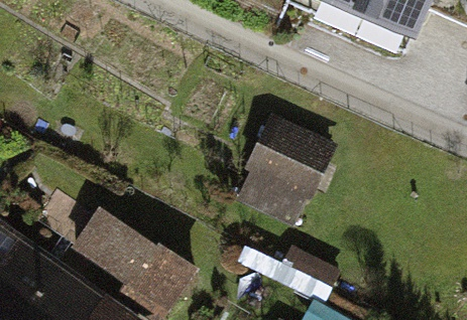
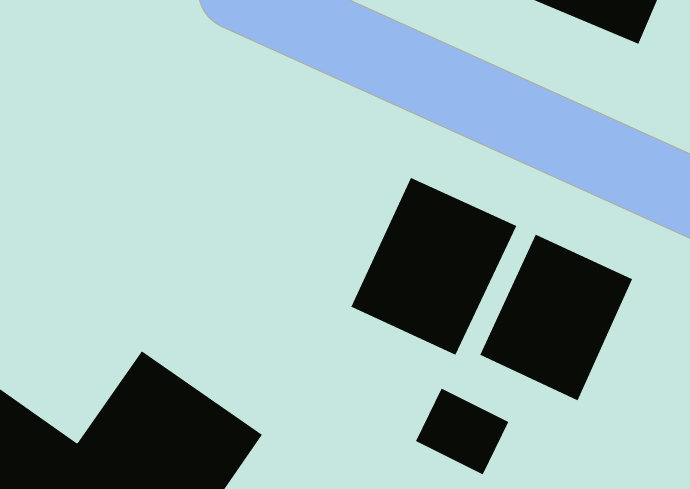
building: none -> [480,234,633,401]

